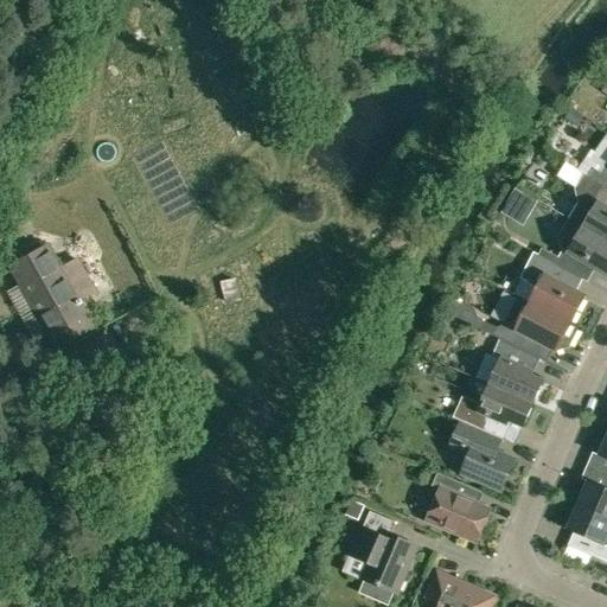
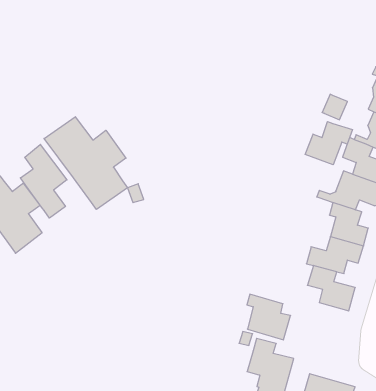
building: none -> [44,117,128,209]
building: none -> [20,144,67,218]
building: none -> [305,122,352,165]
building: [428,472,490,541] -> [247,294,291,340]

